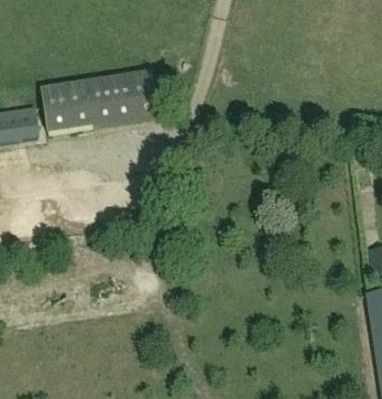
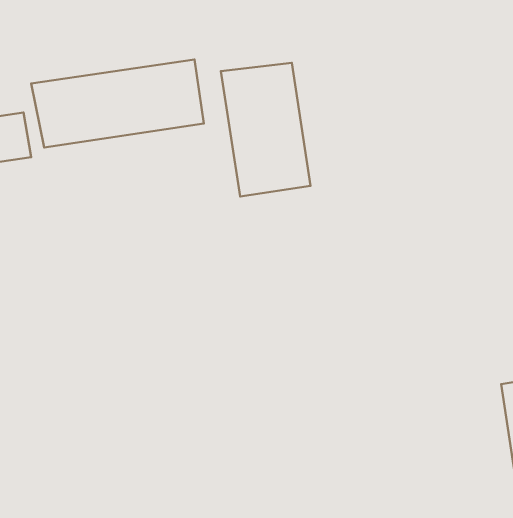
building: none -> [221,63,310,197]

